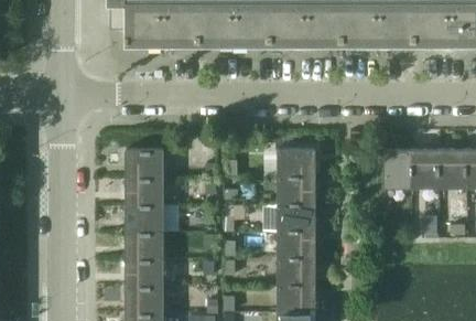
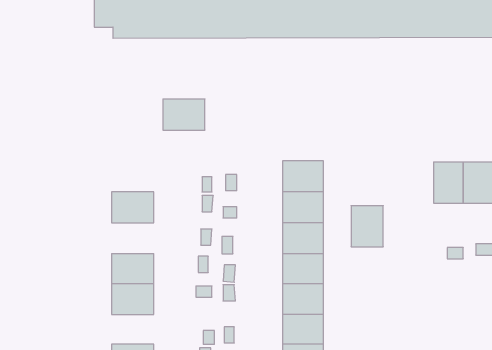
building: [126,149,163,176] -> [163,99,205,130]
building: [383,150,412,186] -> [351,206,383,247]
building: [126,204,163,232] -> none
building: [126,286,163,312] -> none

